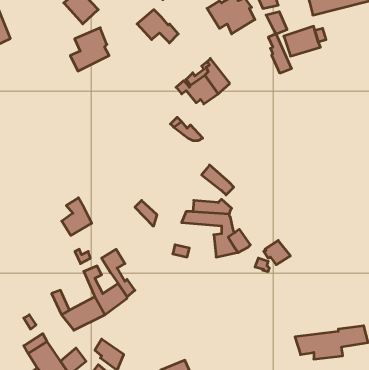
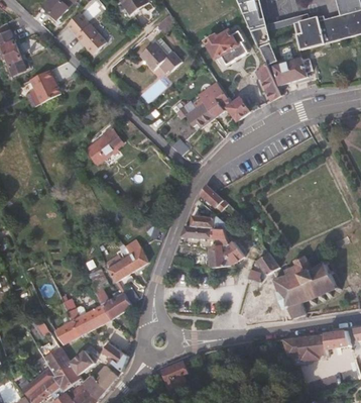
building: [70,28,109,71] -> [25,69,61,108]
building: none -> [207,81,249,121]
building: none -> [86,127,123,164]
building: [62,198,92,235] -> [121,239,148,274]
building: none -> [273,256,340,318]
building: none -> [54,320,83,344]

